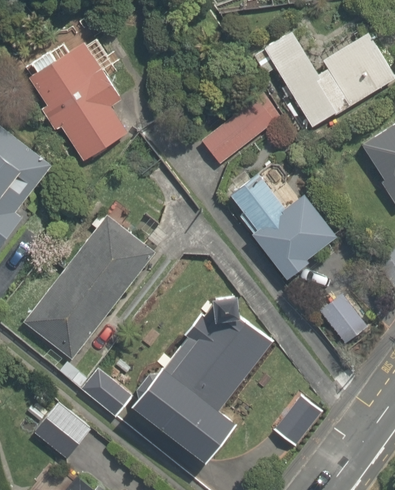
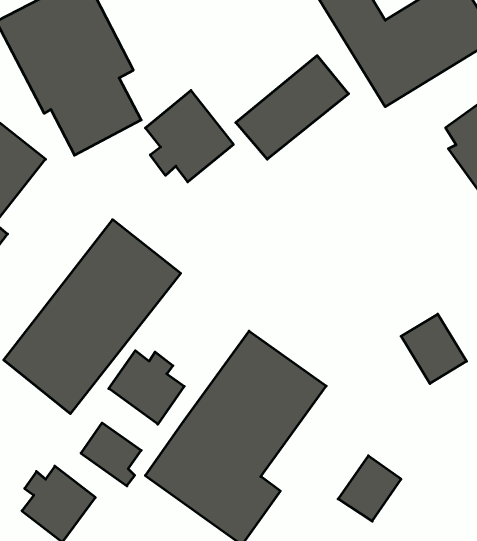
building: none -> [145,90,233,182]
building: [218,168,338,281] -> none
building: none -> [109,351,184,424]

